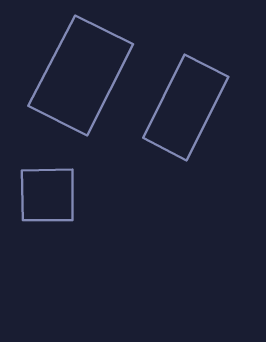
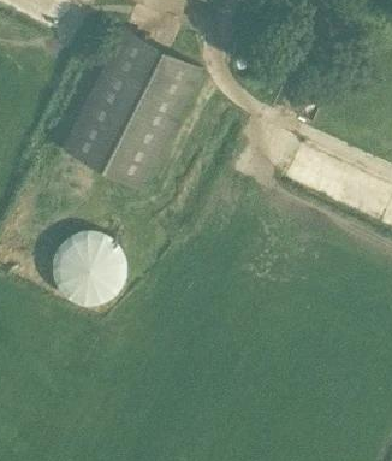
building: [143,54,228,160] -> none

